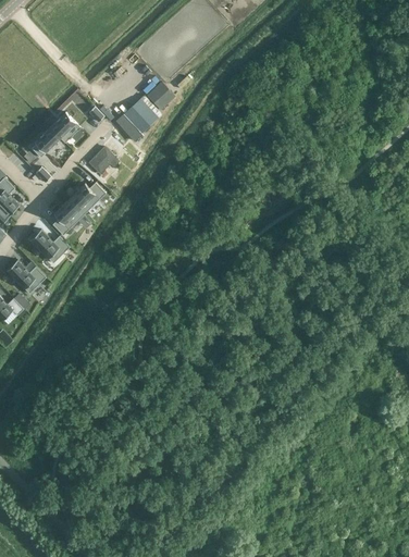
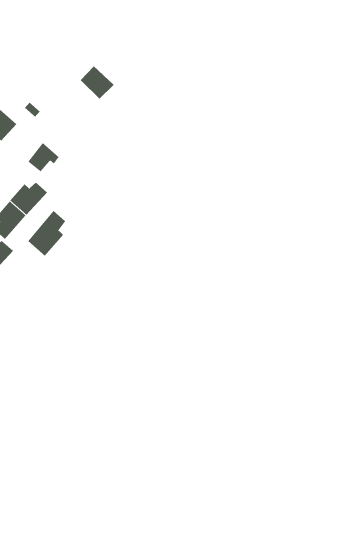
building: [123,99,158,134] -> none
building: none -> [27,210,66,257]

